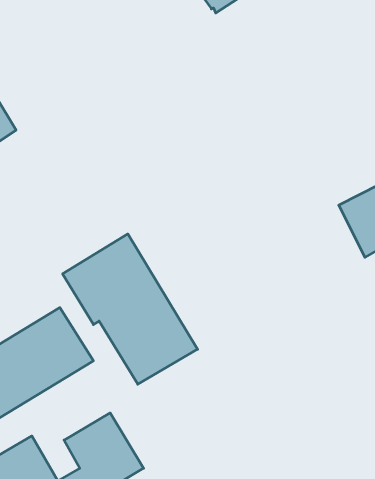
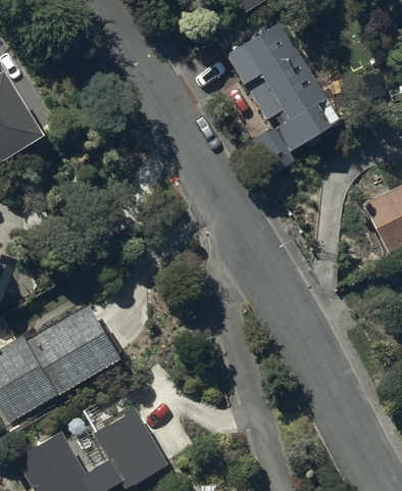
building: none -> [227,21,341,153]
building: [63,234,198,384] -> none

